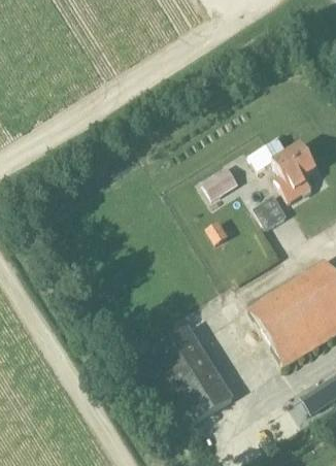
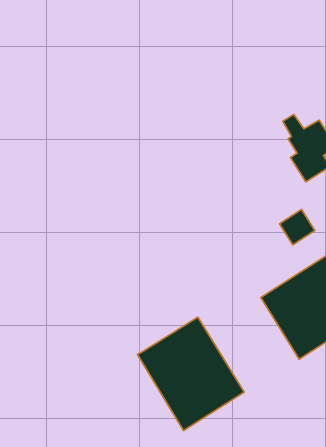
building: [204,165,239,197] -> none
building: [255,195,288,228] -> [280,209,315,245]

